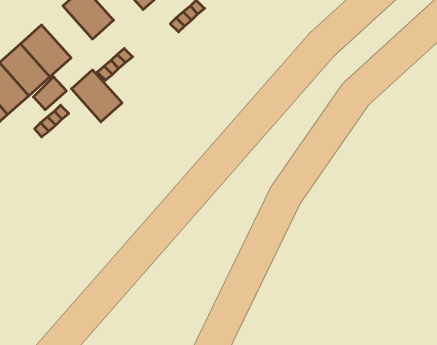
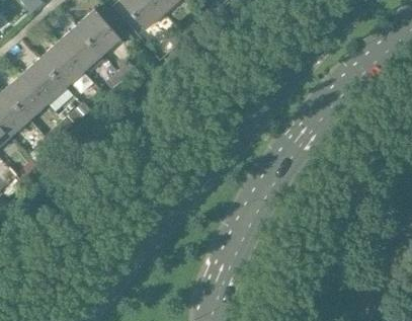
building: [71,70,122,122] -> [59,25,102,70]

